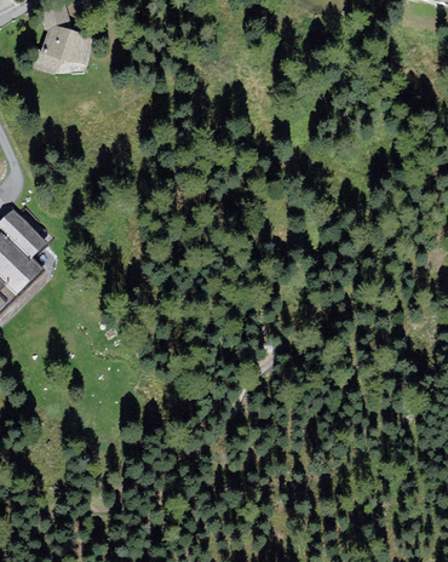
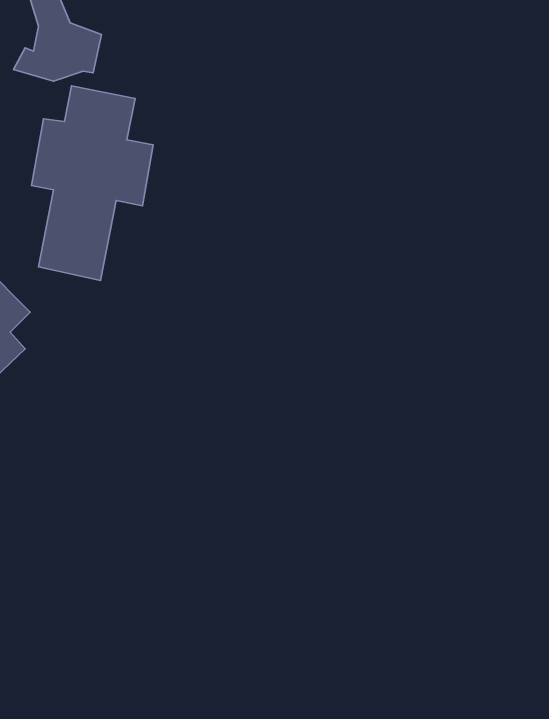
building: none -> [32,86,153,281]

